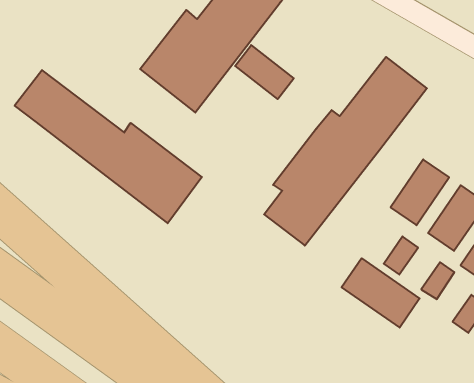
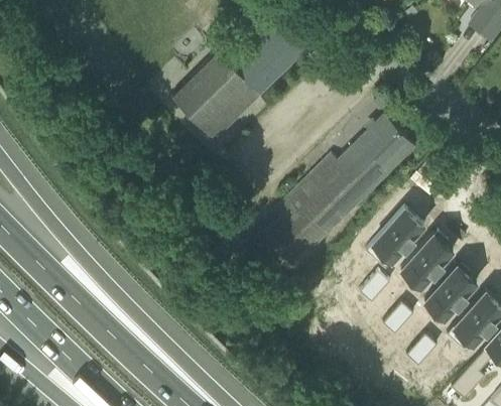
building: [235,45,294,99] -> none
building: [15,70,202,223] -> none
building: [342,258,420,328] -> none

